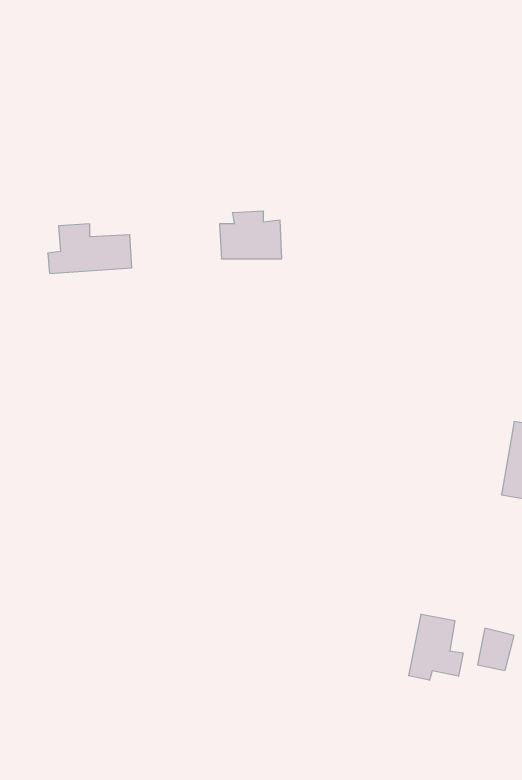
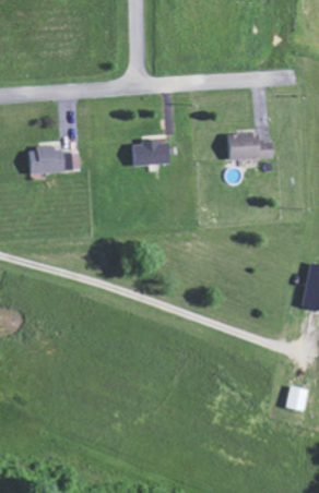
building: none -> [226,132,272,158]
building: [409,614,463,680] -> none

